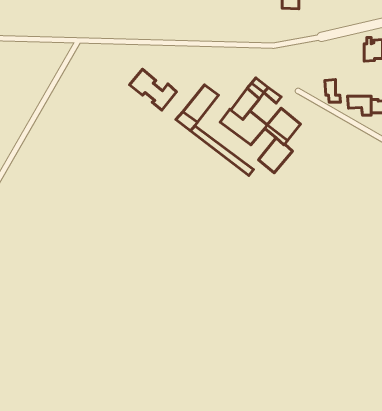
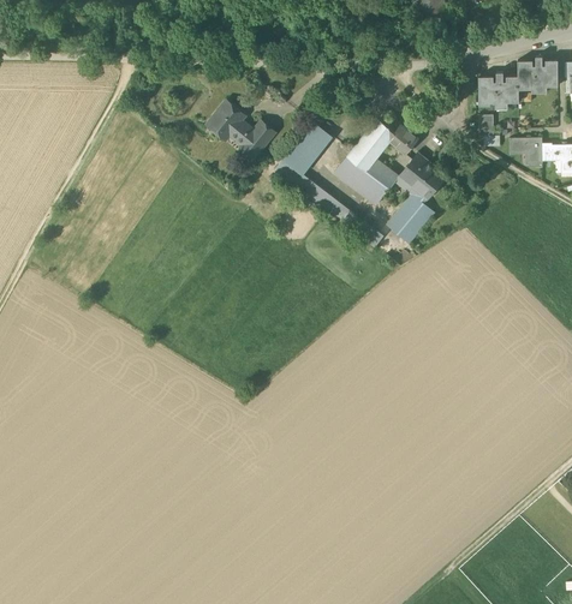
building: none -> [478,61,532,106]

